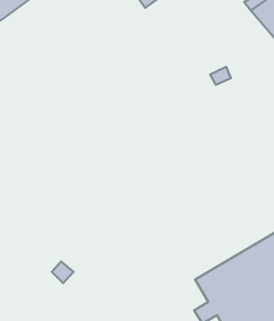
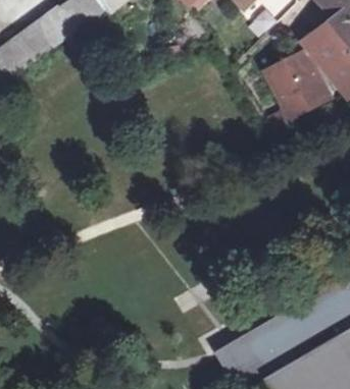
building: none -> [266,54,326,113]
building: none -> [220,339,261,379]

